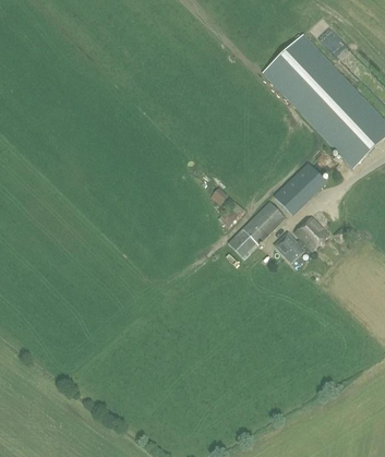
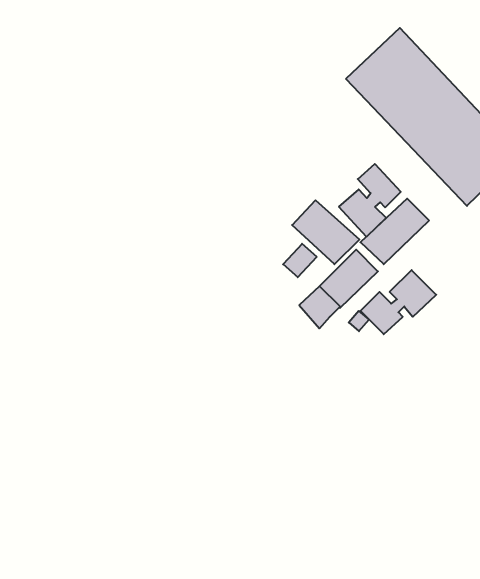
building: none -> [339,164,401,237]
building: none -> [292,200,359,264]

